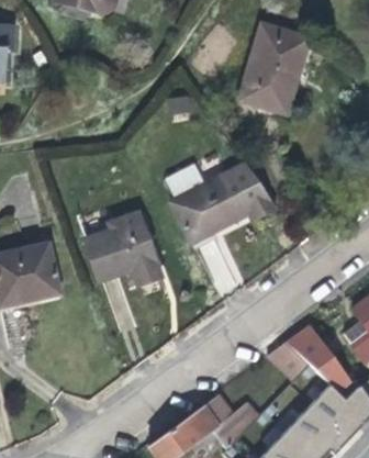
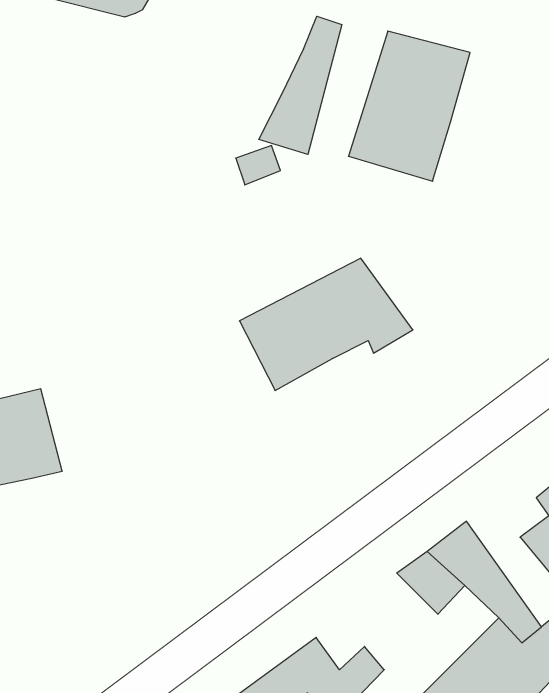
building: none -> [259,16,342,154]
building: [85,211,163,286] -> none

